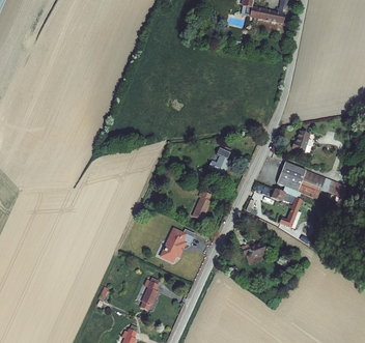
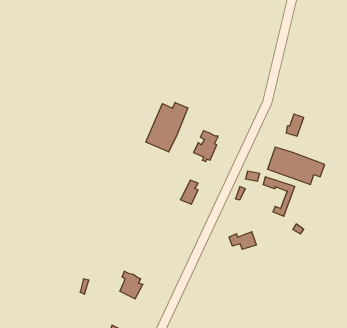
building: none -> [146,102,188,152]
building: [160,228,193,261] -> none

